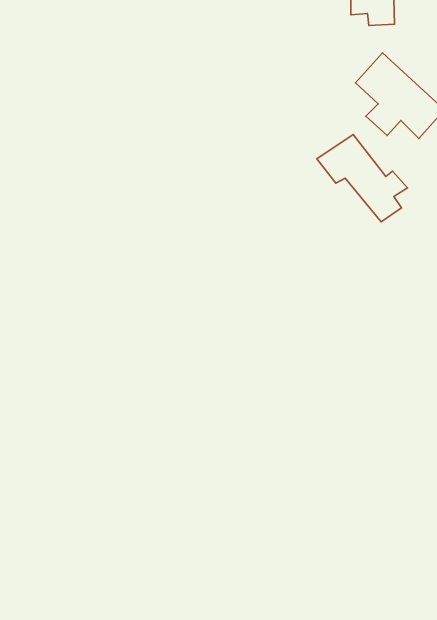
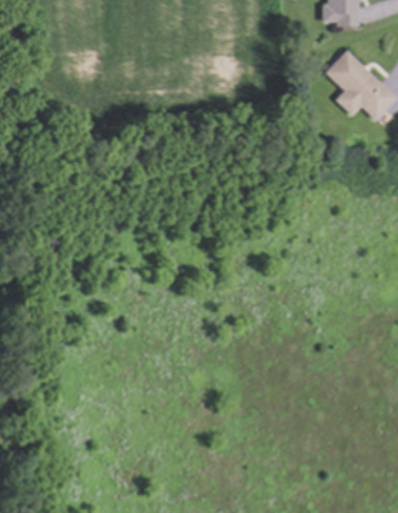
building: [317,134,407,222] -> none

